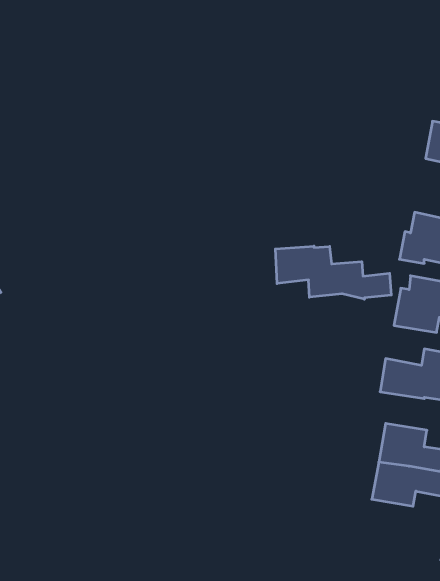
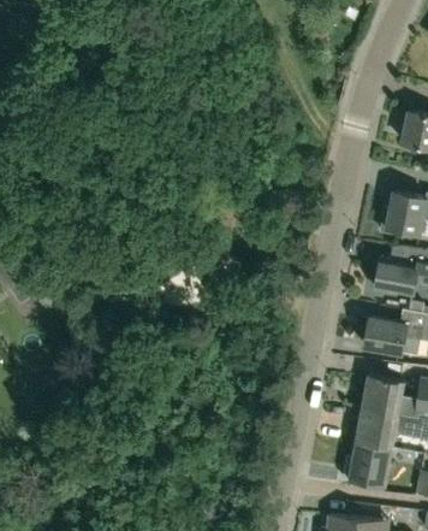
building: [275,246,391,299] -> none
building: none -> [341,441,392,485]

